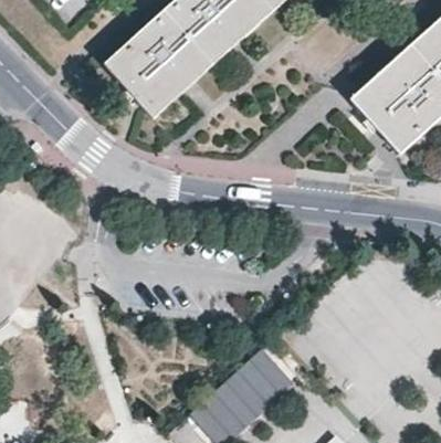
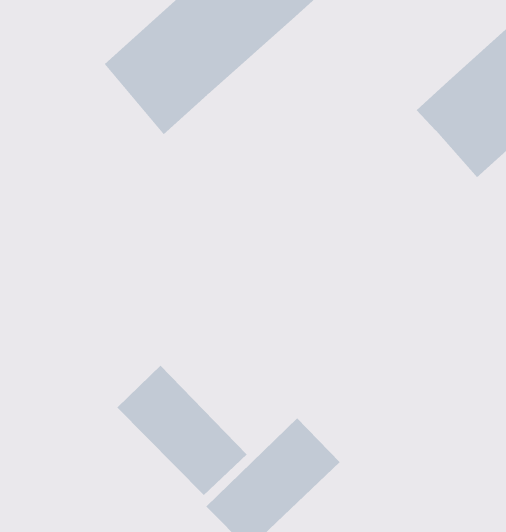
building: none -> [117,365,248,496]

